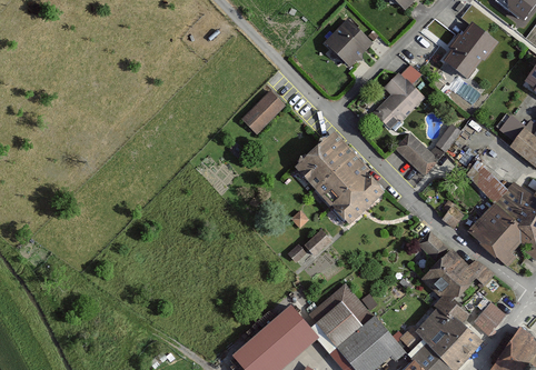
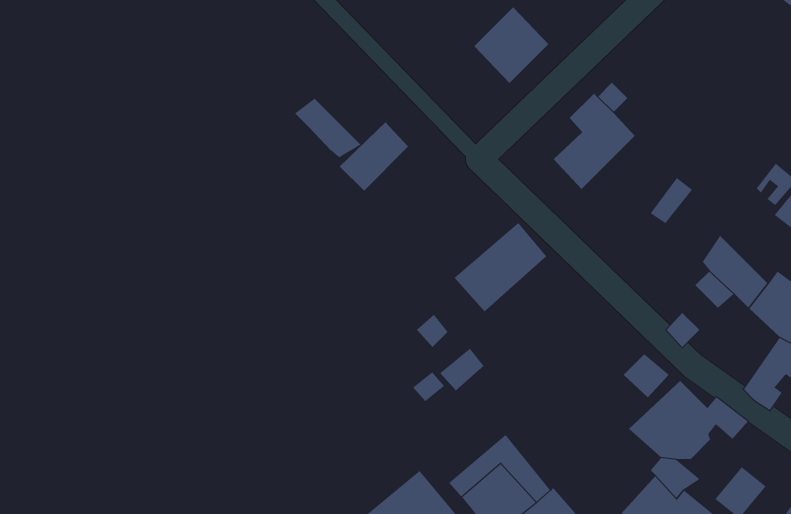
building: [443,21,496,79] -> none
building: none -> [294,98,362,158]
building: [294,131,351,186] -> none
building: [395,132,438,176] -> none
building: [330,172,387,227] -> none
building: [469,204,513,254] -> none

